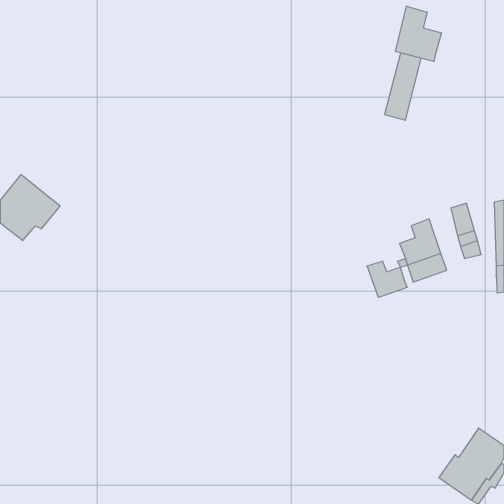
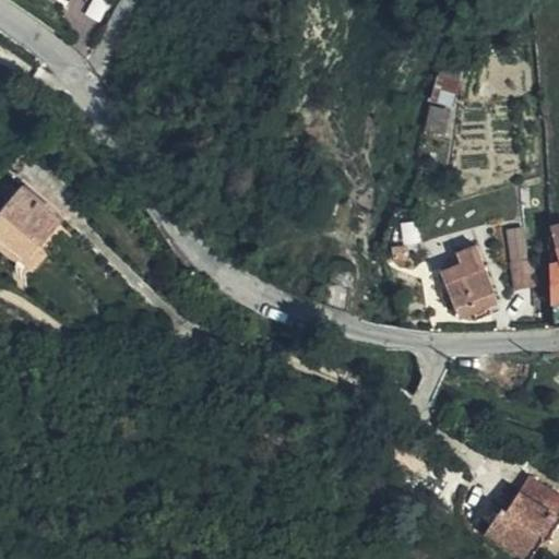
building: [395,6,441,61] -> none
building: [367,261,407,297] -> none

